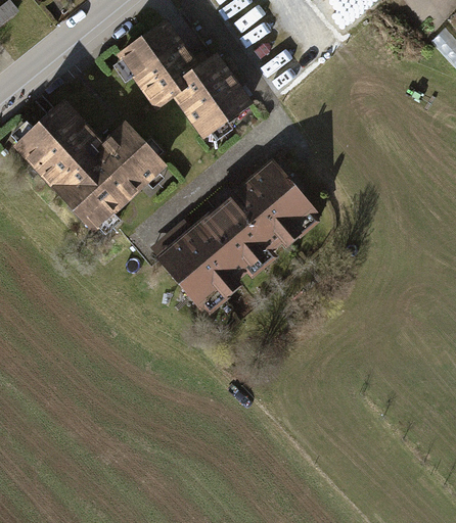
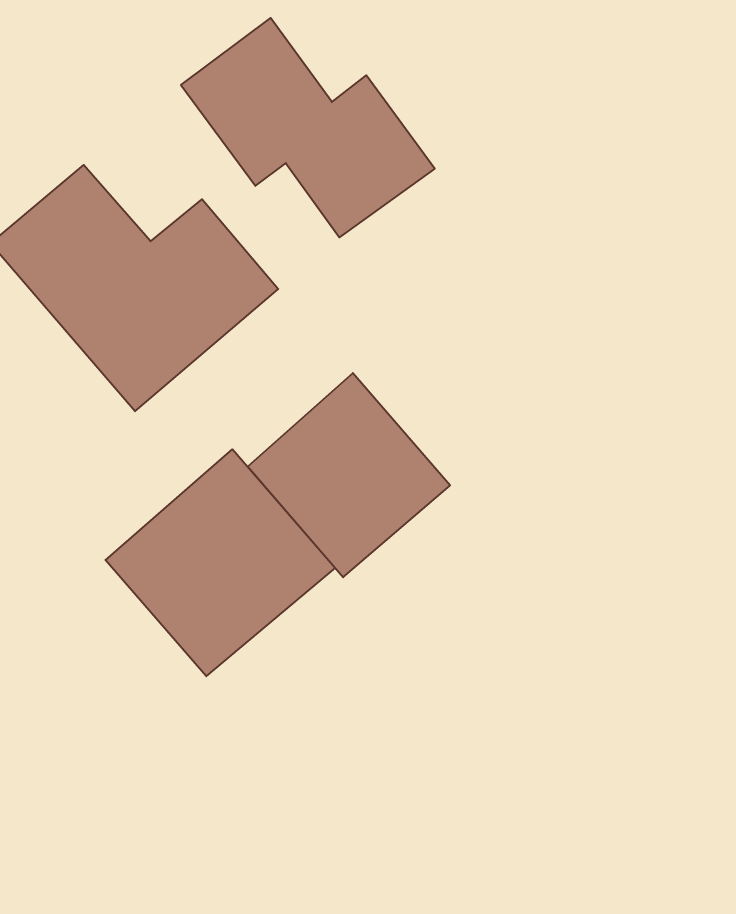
building: [210,161,319,271] -> none
building: none -> [105,449,335,676]

